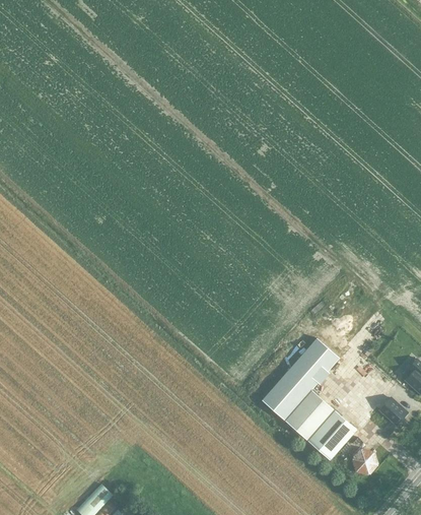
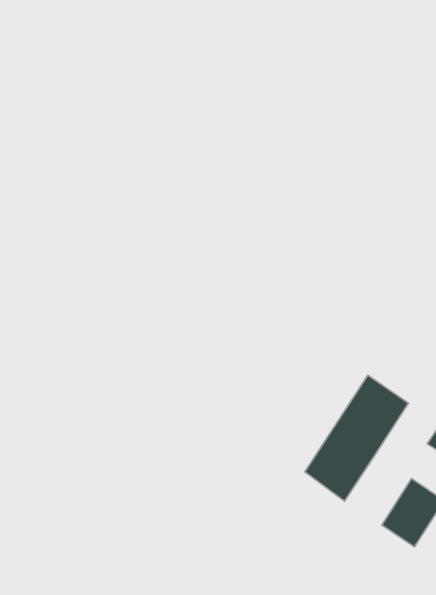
building: [284,390,334,441] -> none

